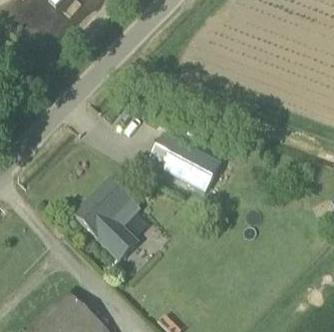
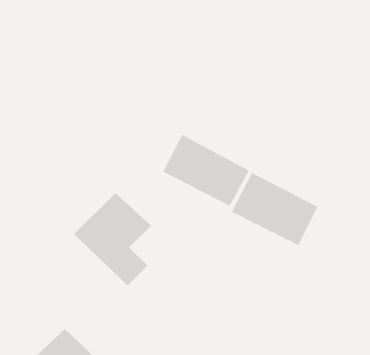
building: none -> [231,172,318,246]

